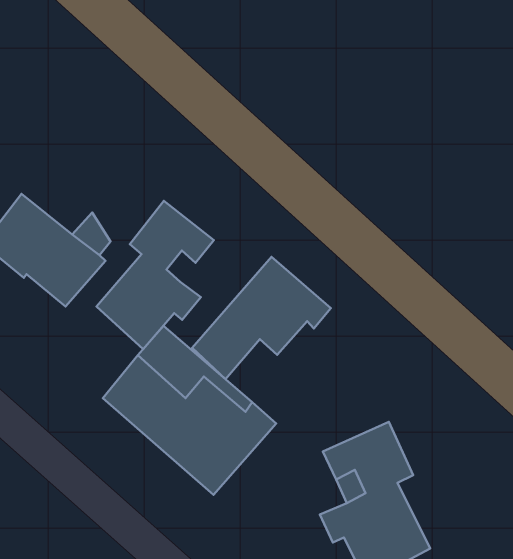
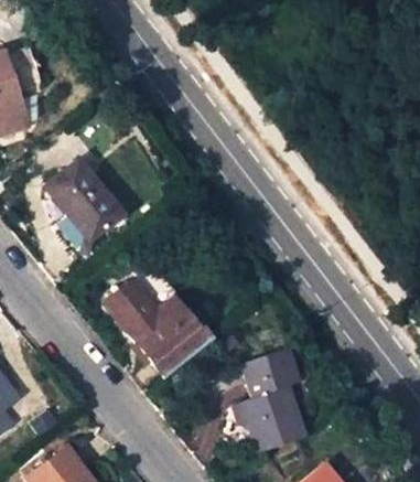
building: [97,201,214,349] -> none
building: [192,257,331,379] -> none

